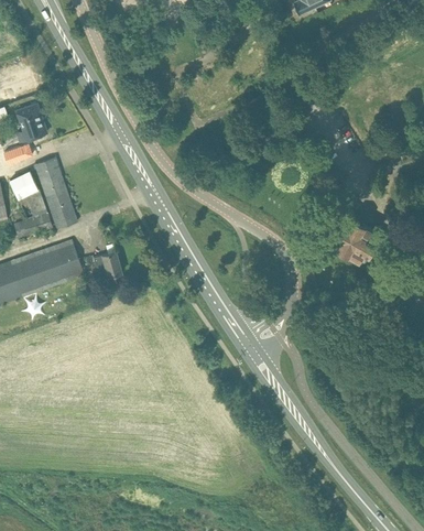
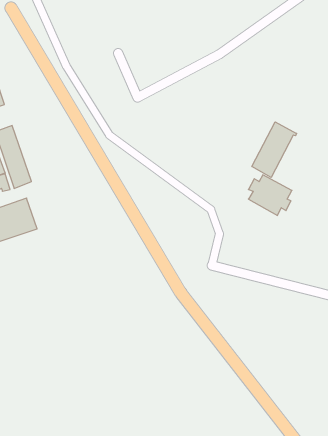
building: none -> [252,122,297,177]
building: [94,251,121,278] -> none

